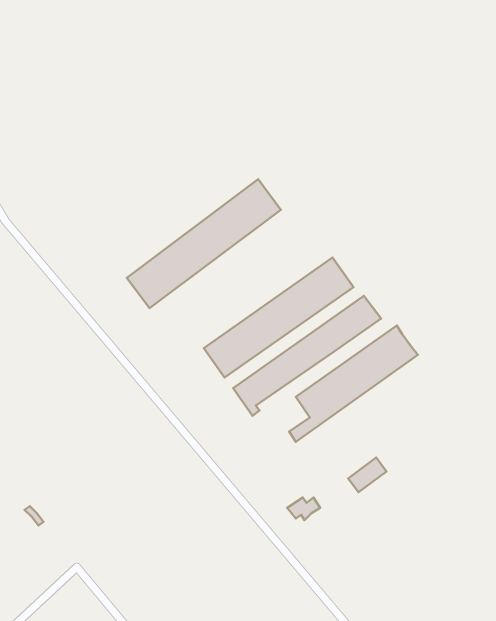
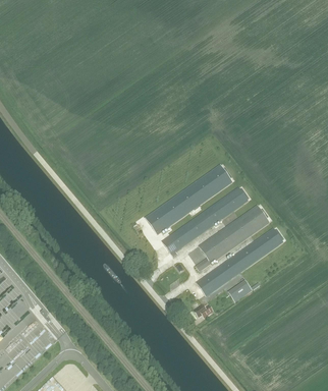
building: [127,179,281,308] -> none
building: none -> [195,227,282,295]

